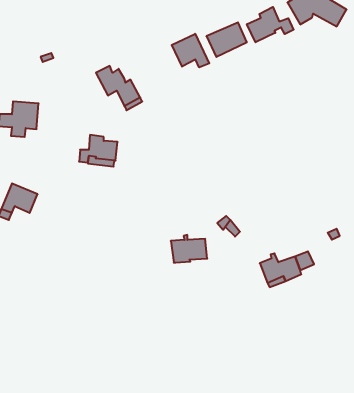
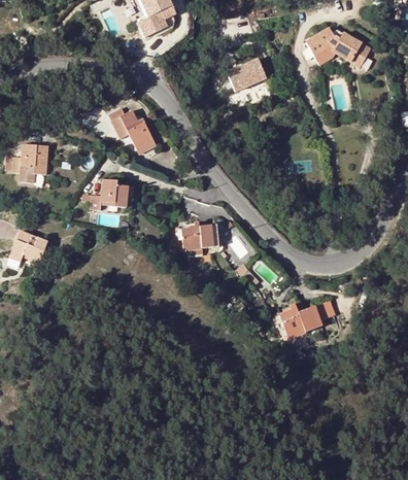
building: [247,7,294,42] -> none
building: [172,34,209,67] -> none
building: [171,235,207,263] -> [180,219,218,248]

